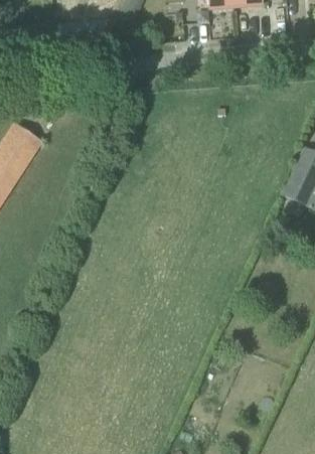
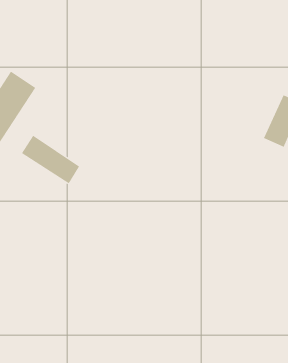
building: none -> [21,135,80,184]

